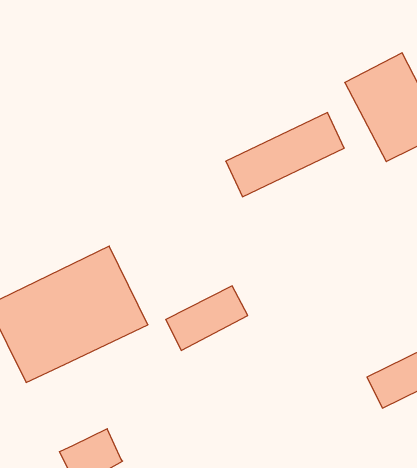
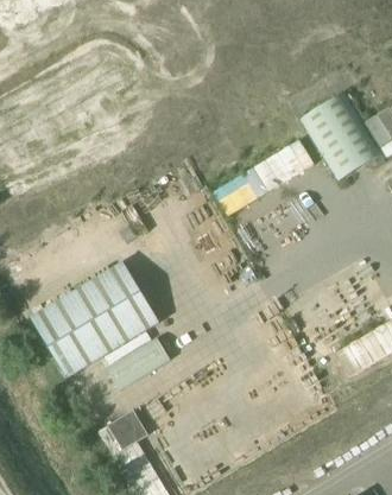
building: [166,286,248,350] -> [106,337,171,392]

